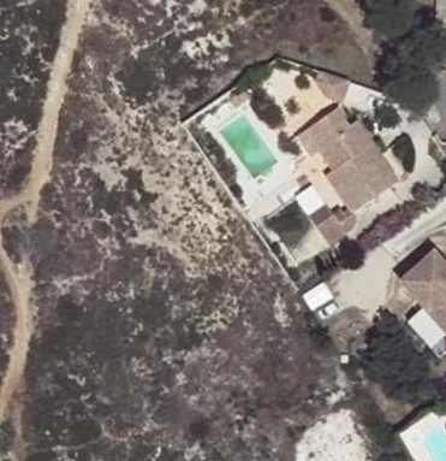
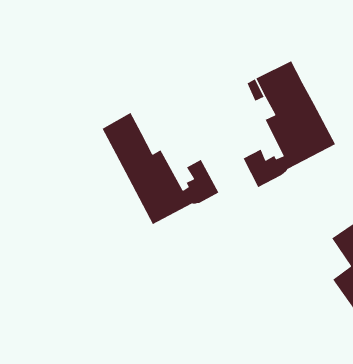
building: none -> [101,112,220,225]

